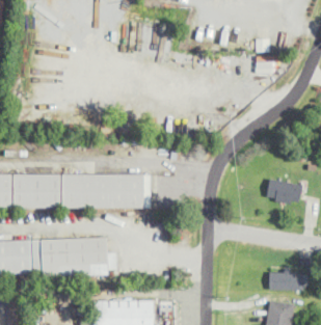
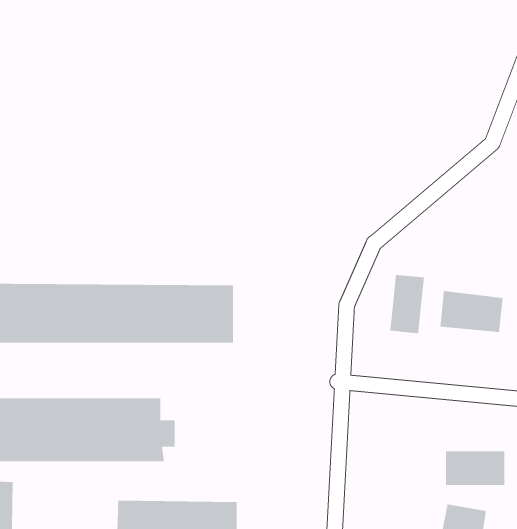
building: none -> [390,274,424,334]

